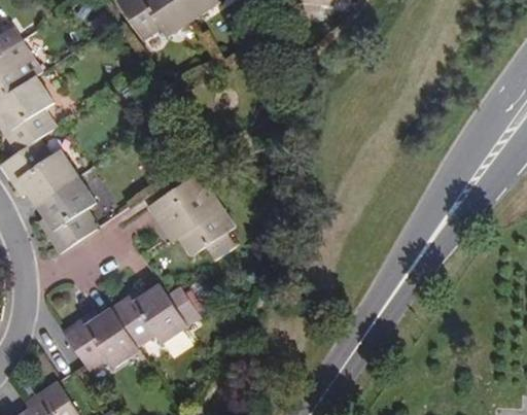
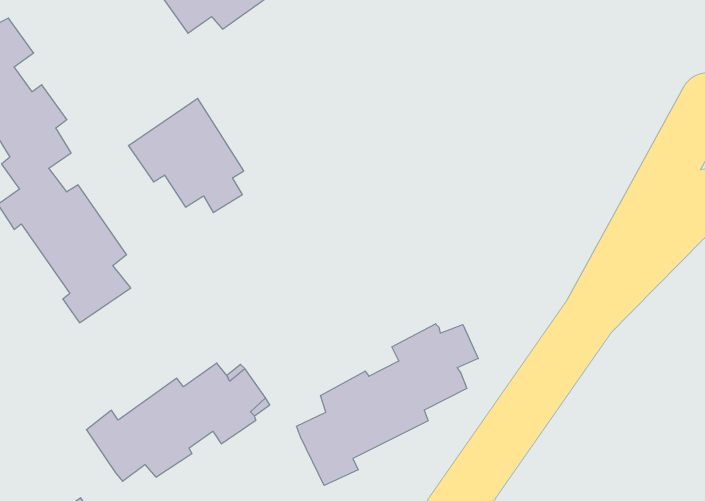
building: [148,170,234,254] -> [128,98,244,213]
building: none -> [297,324,478,485]

